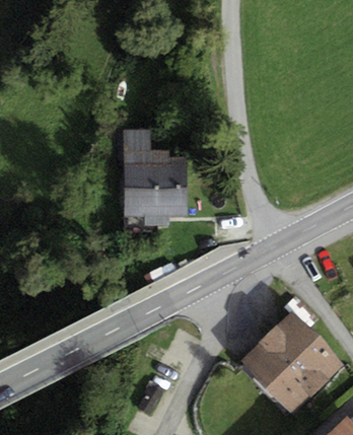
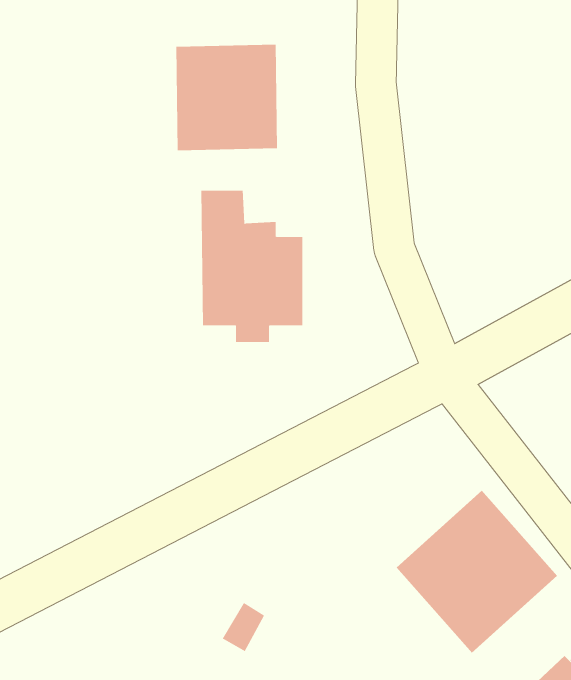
building: none -> [176,44,278,151]

